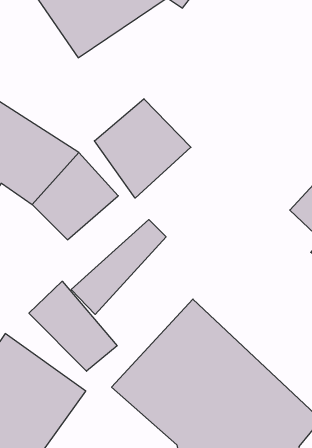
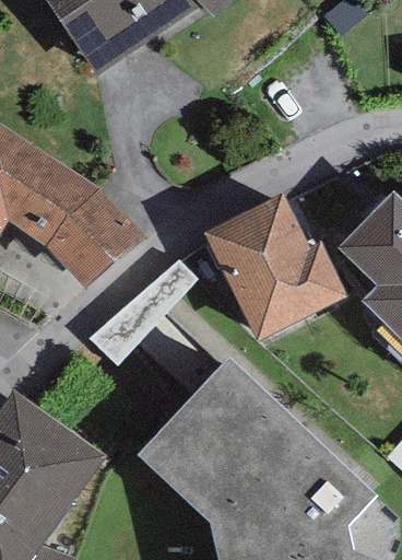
building: [94,99,191,198] -> none
building: none -> [203,196,347,340]
building: [29,281,117,371] -> none

